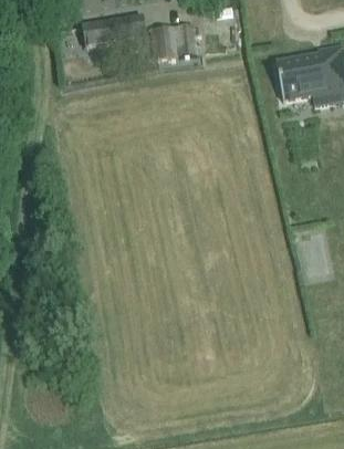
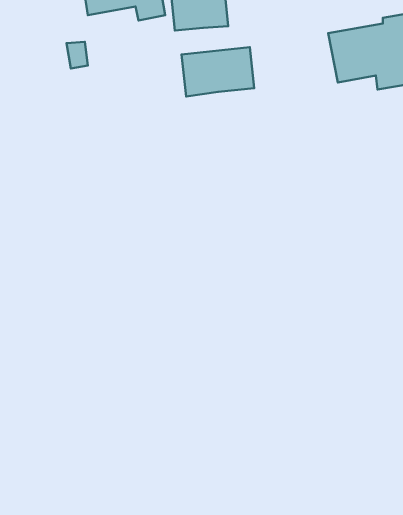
building: none -> [181,47,254,97]

